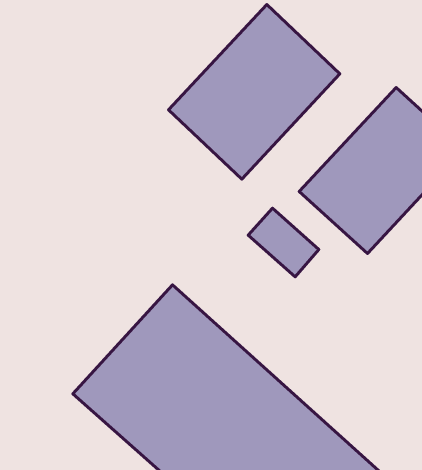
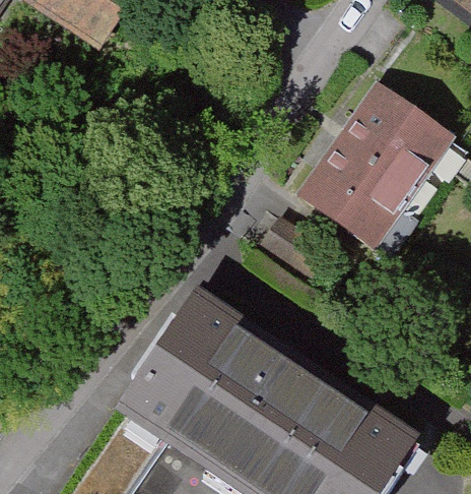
building: [168,4,340,179] -> none

